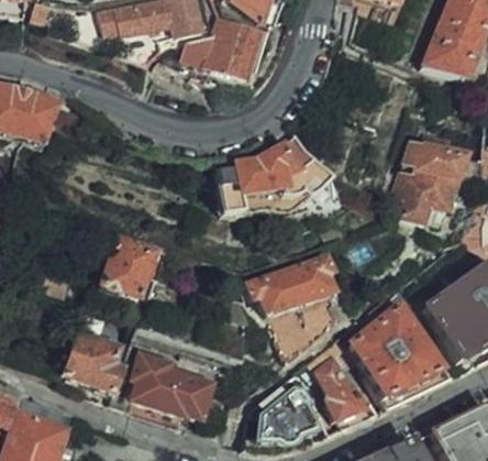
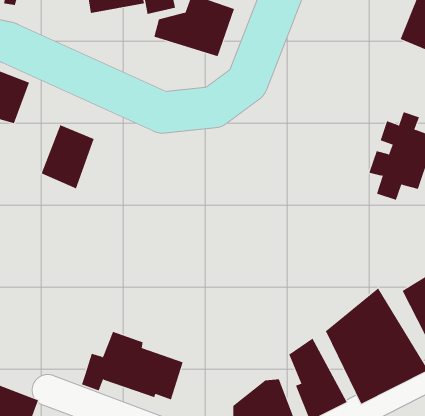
building: [213,134,330,219] -> none
building: [100,232,153,296] -> [41,125,94,189]
building: [246,252,333,312] -> none
building: [58,328,122,389] -> none

